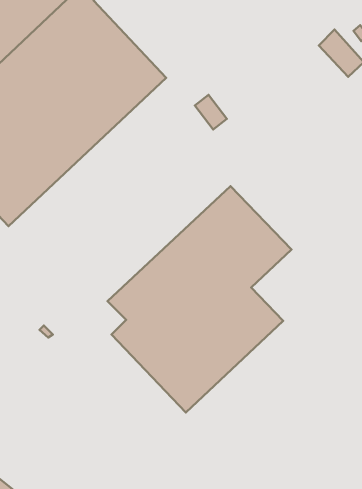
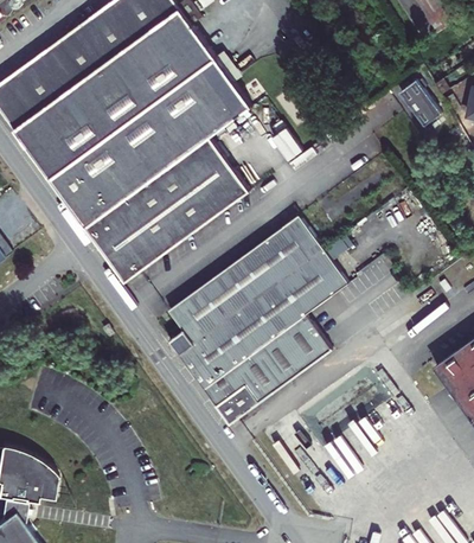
building: none -> [84,106,252,282]

